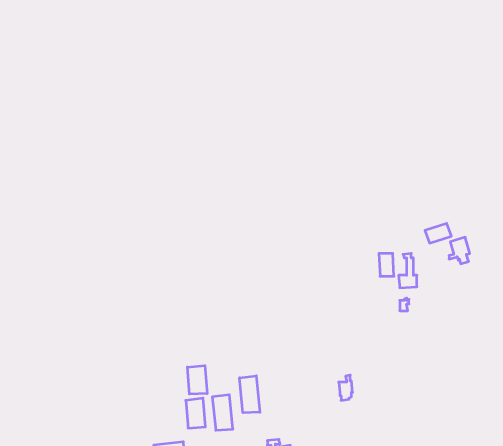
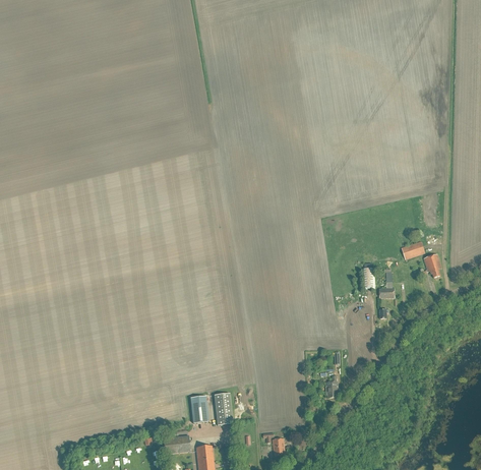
building: [187,366,207,394] -> none
building: [240,376,260,413] -> none

